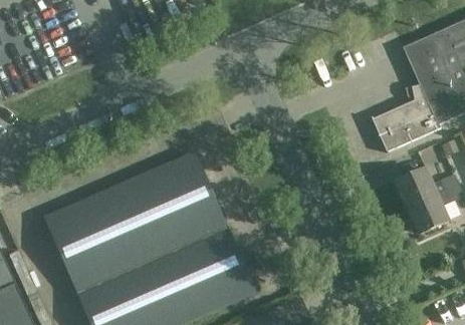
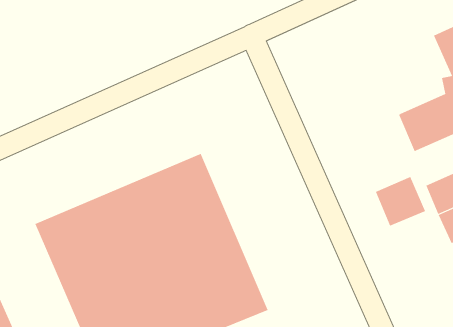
building: none -> [375,176,426,226]

